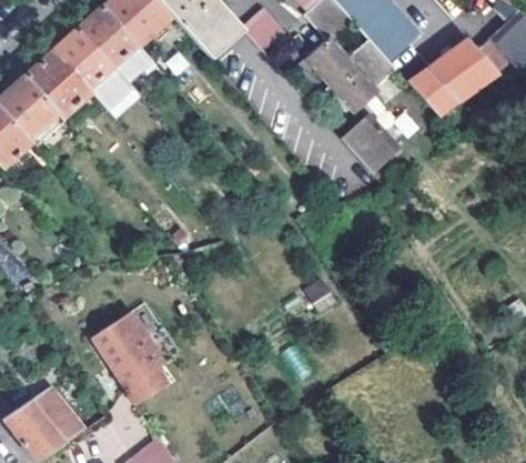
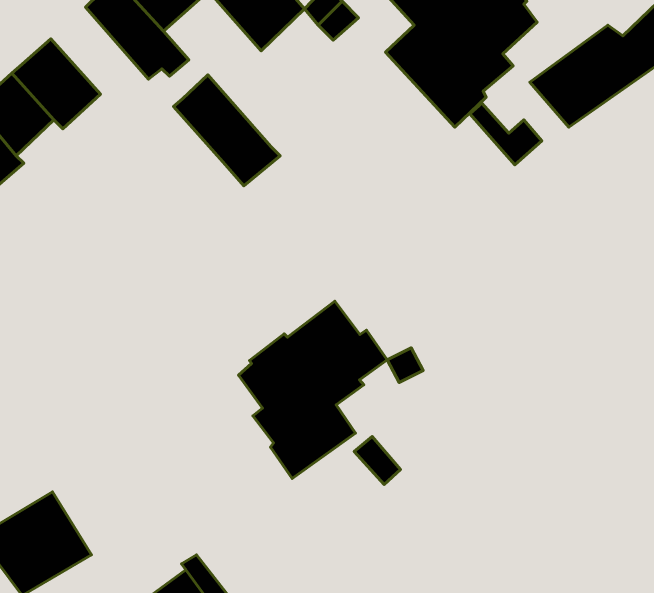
building: [57,24,135,107] -> [173,75,280,186]
building: [343,118,396,172] -> none
building: none -> [239,301,387,478]
building: [84,313,170,406] -> none

